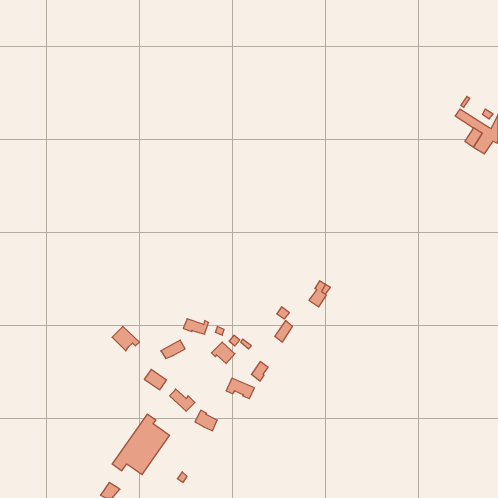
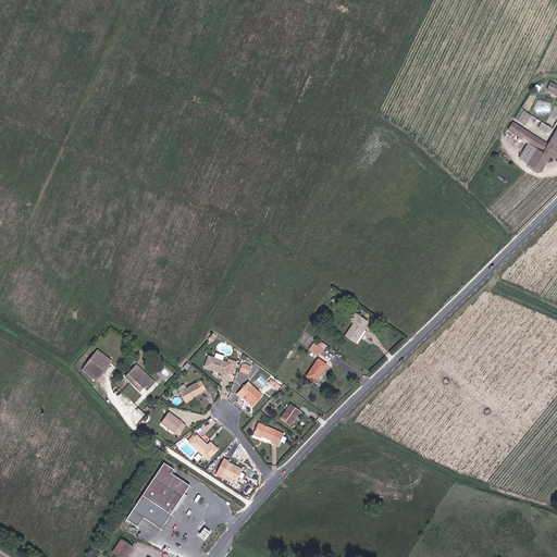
building: none -> [82,350,112,382]

